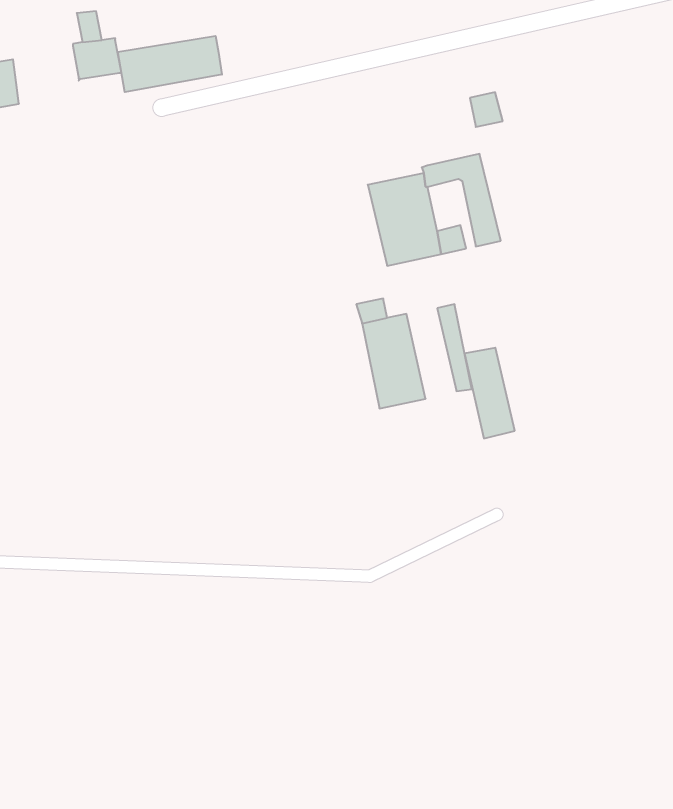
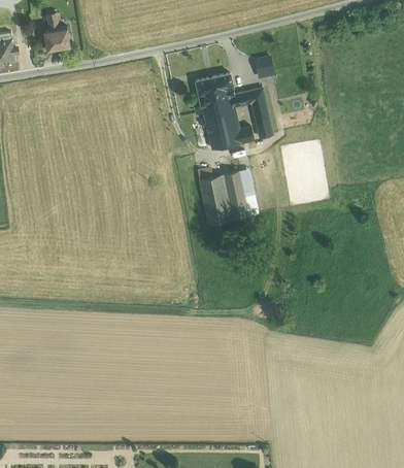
building: [118,36,222,92] -> none
building: none -> [195,74,233,105]
building: [465,348,515,438] -> [222,171,248,220]

